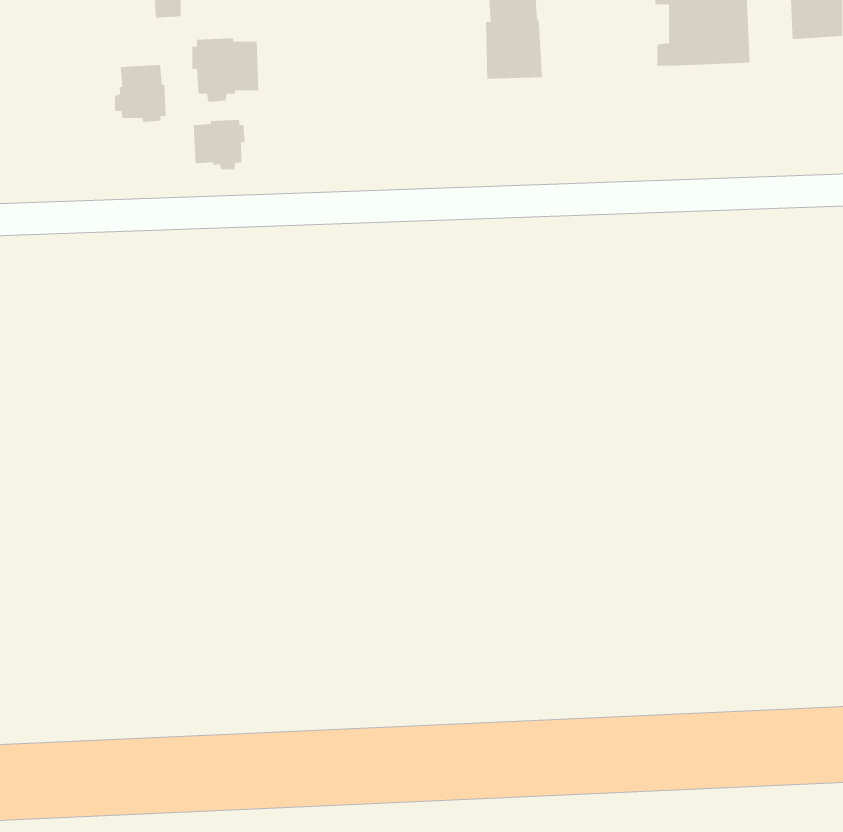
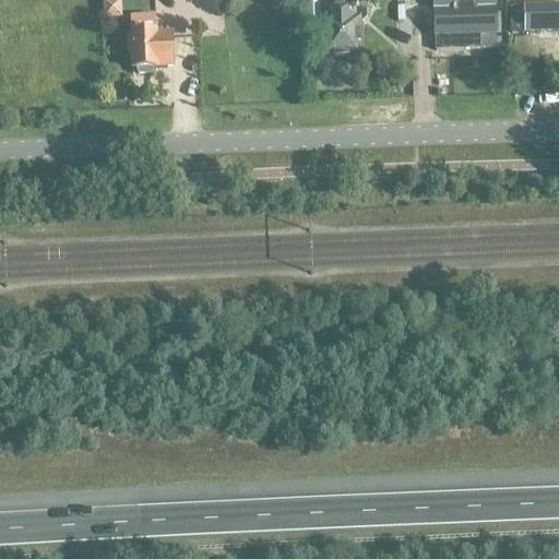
building: [114,64,166,123] -> none
building: [193,119,245,170] -> none

